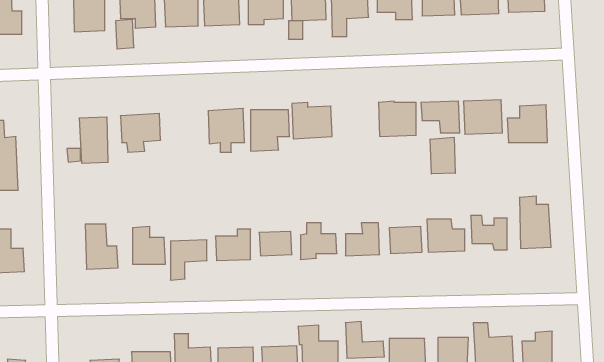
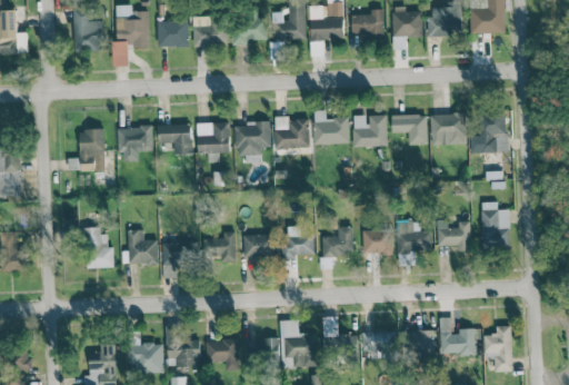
building: none -> [312,110,349,144]
building: none -> [157,124,192,154]
building: [430,137,455,174] -> none

